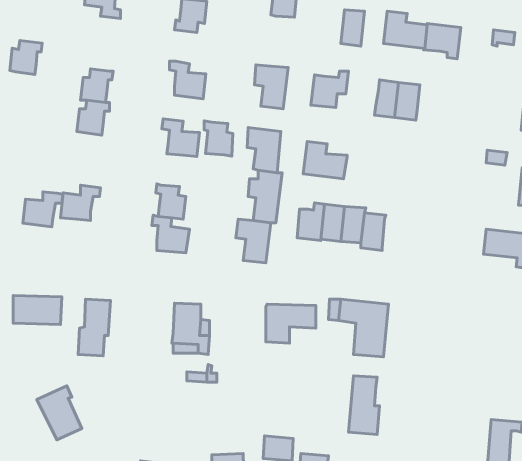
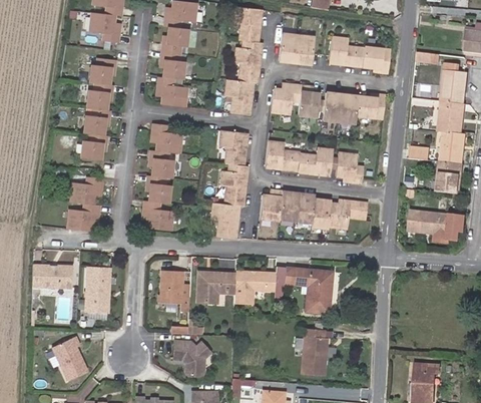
building: none -> [279,32,298,62]
building: none -> [234,40,262,82]
building: none -> [160,51,184,79]
building: [10,41,42,74] -> [89,57,115,84]
building: none -> [298,84,320,116]
building: none -> [356,93,385,118]
building: [204,121,233,156] -> [149,149,172,177]
building: none -> [80,133,106,160]
building: none -> [297,147,333,175]
building: none -> [335,151,363,182]
building: [23,192,63,227] -> [67,203,99,231]
building: none -> [328,200,367,228]
building: none -> [196,271,234,302]
building: none -> [173,340,210,376]

